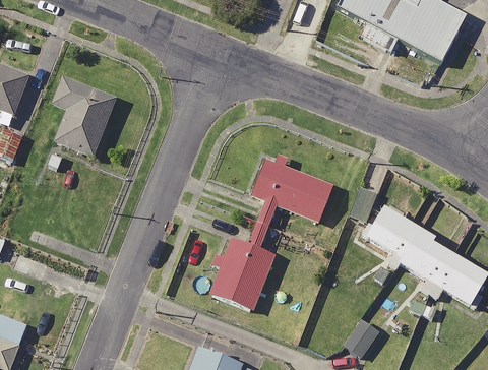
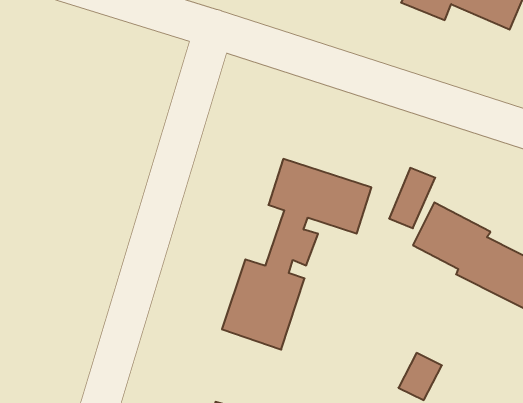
building: [49,75,116,156] -> none

